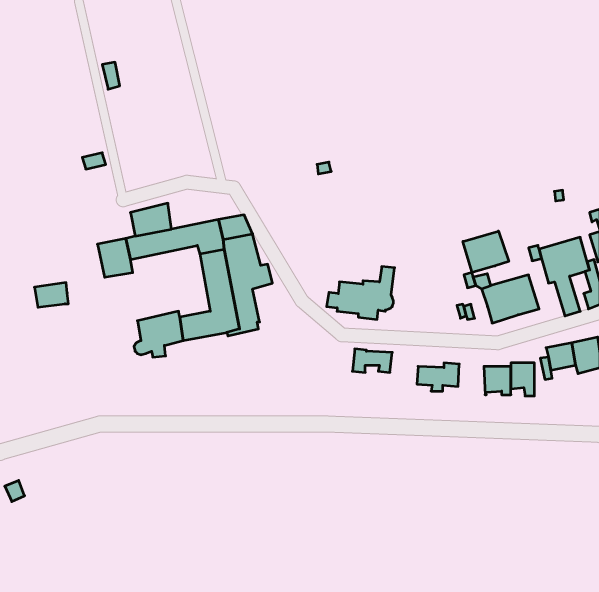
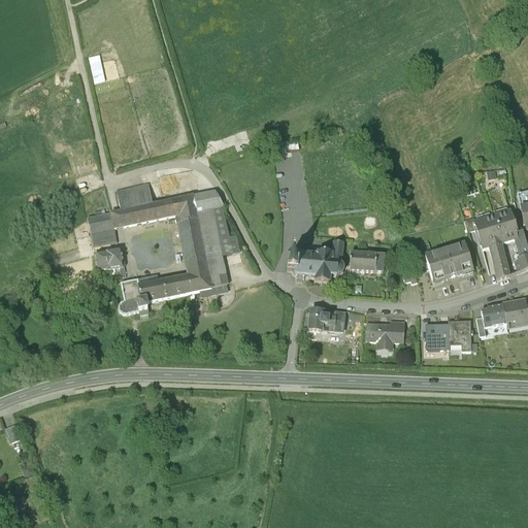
building: [463,231,509,273] -> none
building: [34,283,68,307] -> [93,246,123,268]
building: none -> [350,250,385,270]

